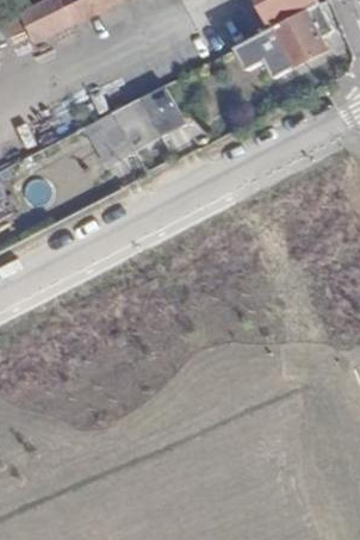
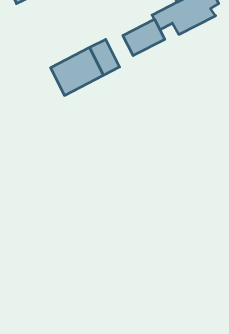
building: none -> [123,19,165,56]

